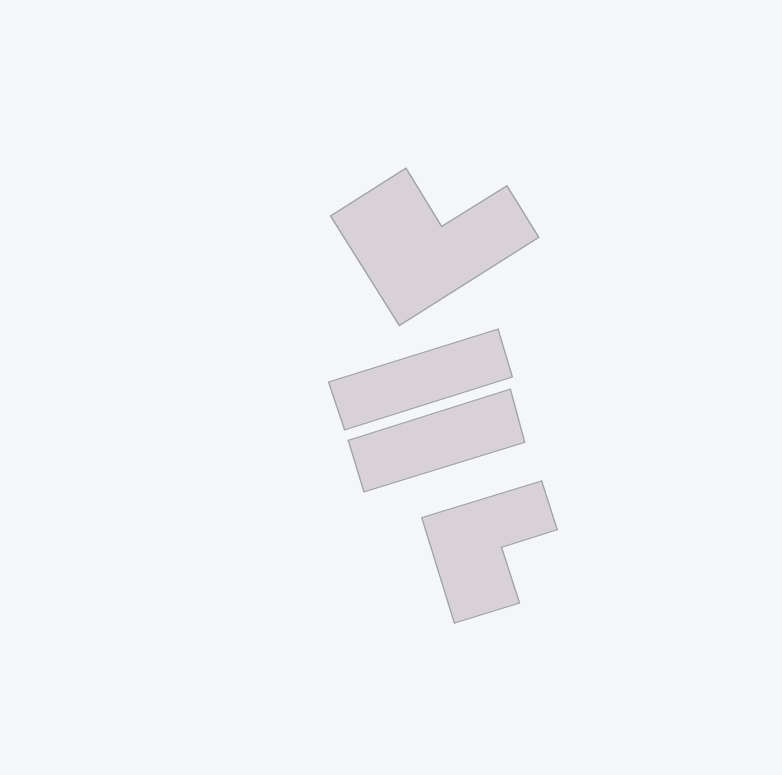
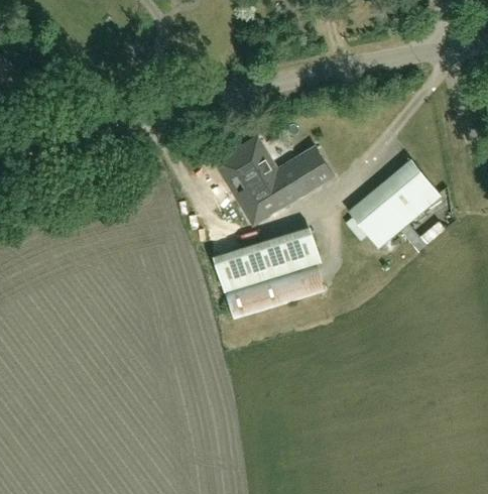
building: none -> [346,160,440,247]
building: [422,481,557,623] -> none

